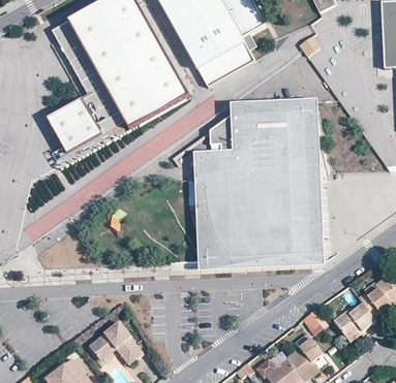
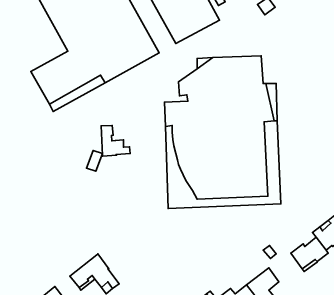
building: [302,98,318,130] -> none
building: none -> [101,126,130,156]

